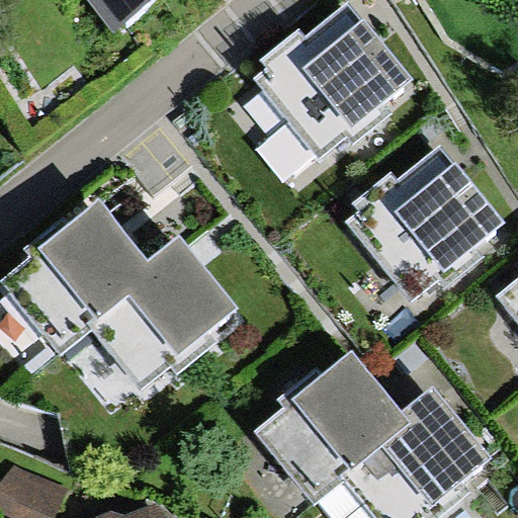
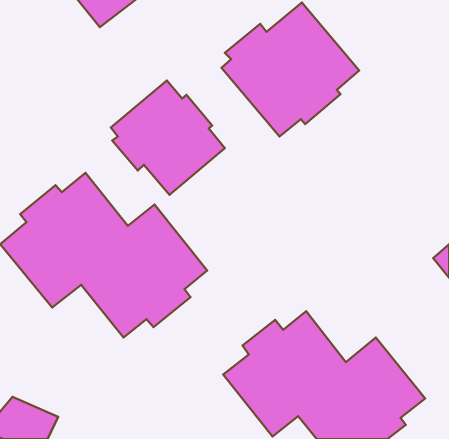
building: none -> [111,81,225,195]
building: [345,144,507,300] -> none

